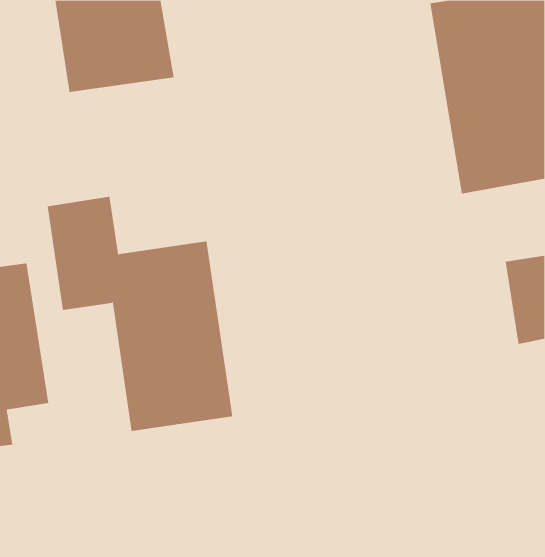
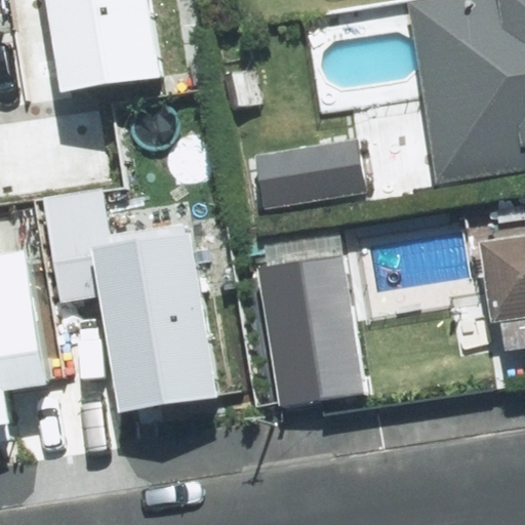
building: none -> [252,142,363,213]
building: none -> [256,255,363,408]

